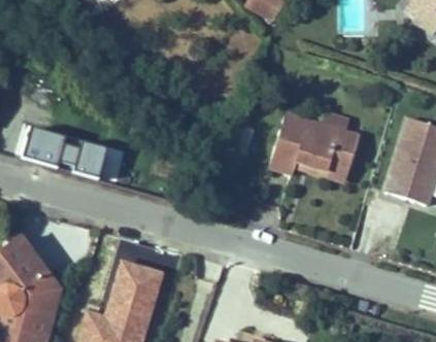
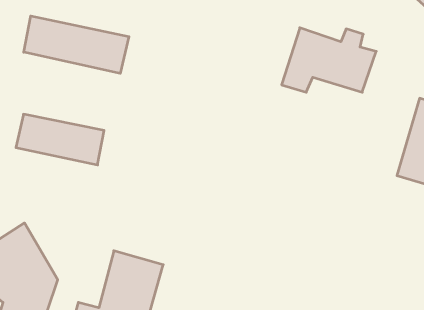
building: none -> [24,16,129,73]
building: [263,115,354,177] -> [282,28,376,92]

